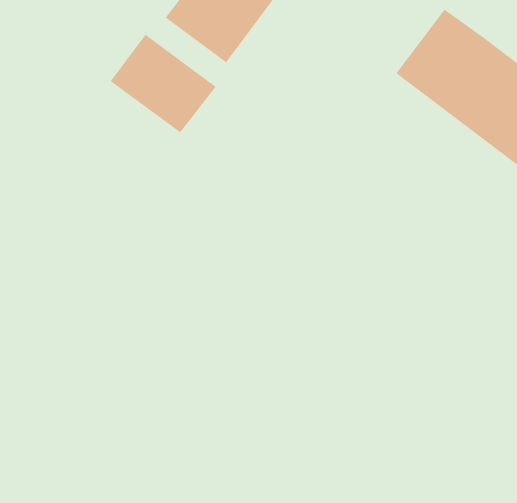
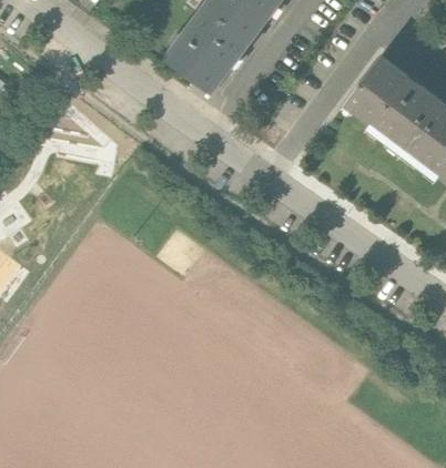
building: [110,34,216,133] -> none

